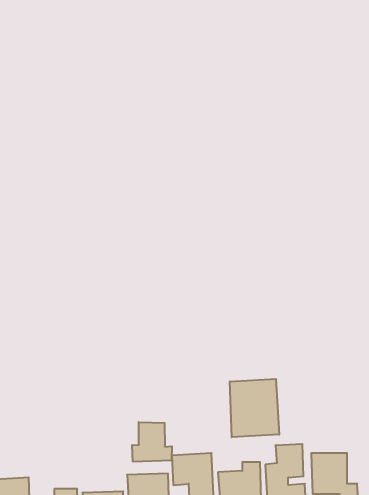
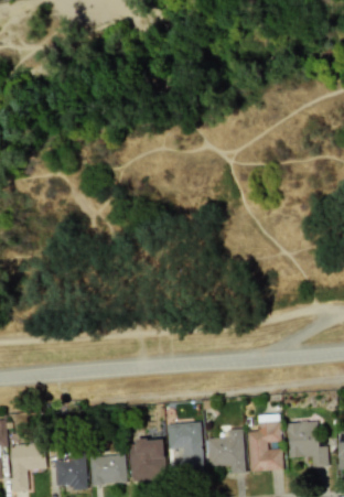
building: [230,379,279,437] -> none
building: [132,422,172,462] -> none

